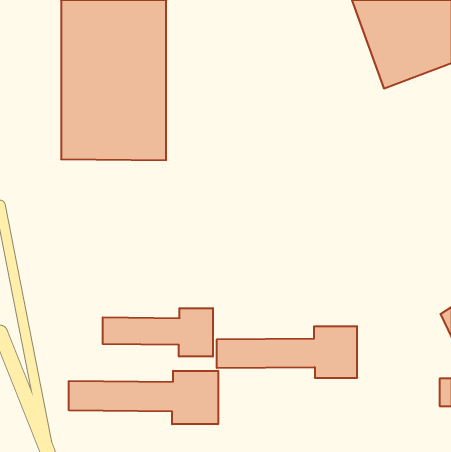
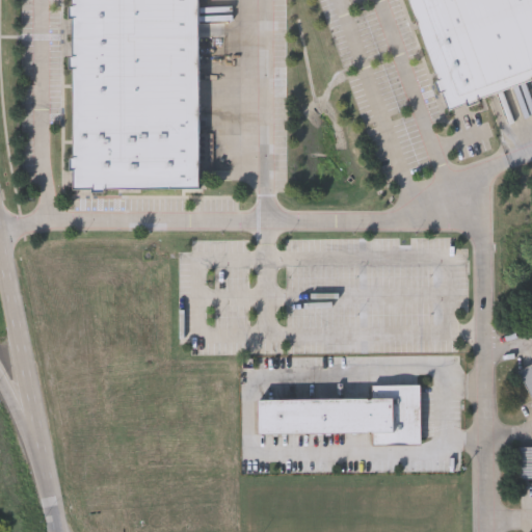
building: [103,308,213,357] -> none
building: [69,371,218,424] -> none

